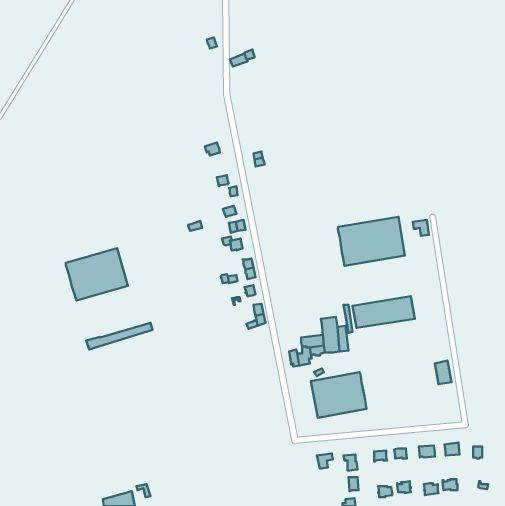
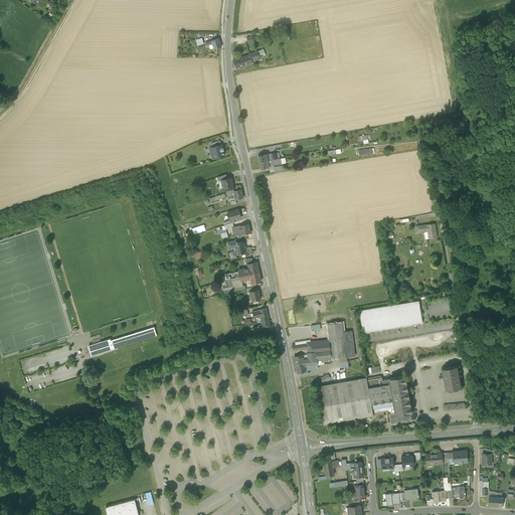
building: [338,217,405,266] -> none
building: [66,248,128,301] -> none
building: none -> [366,376,411,425]

